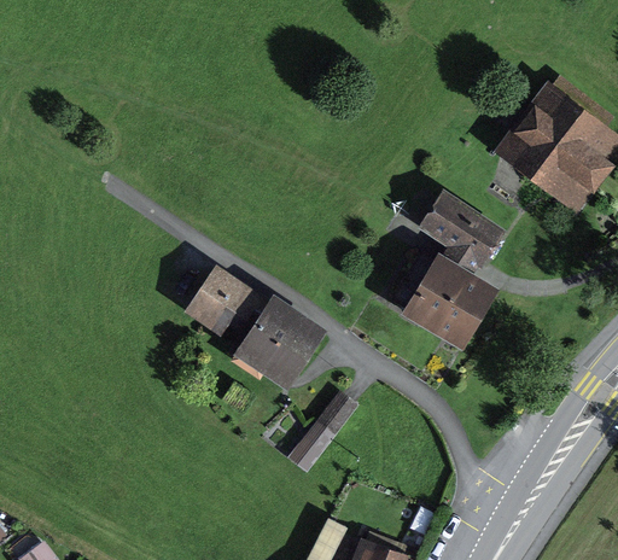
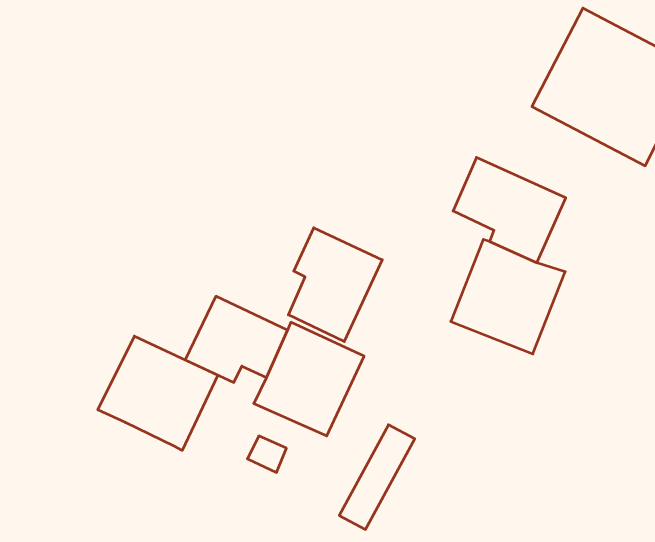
building: none -> [288,228,382,342]
building: none -> [98,336,218,450]

